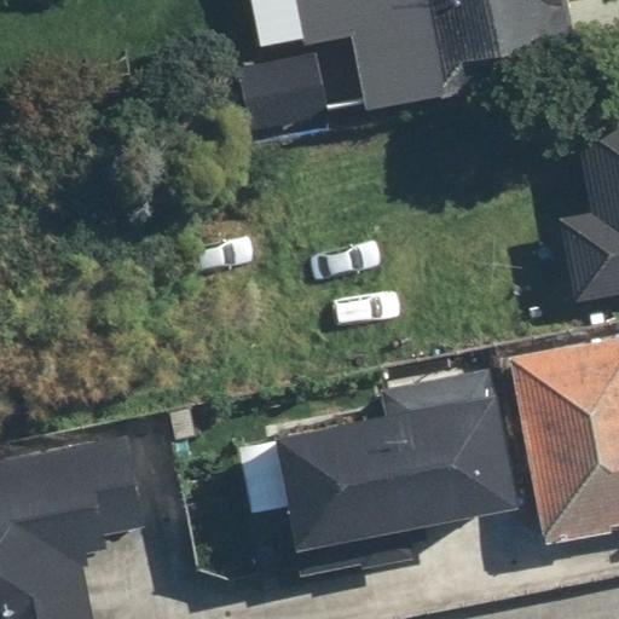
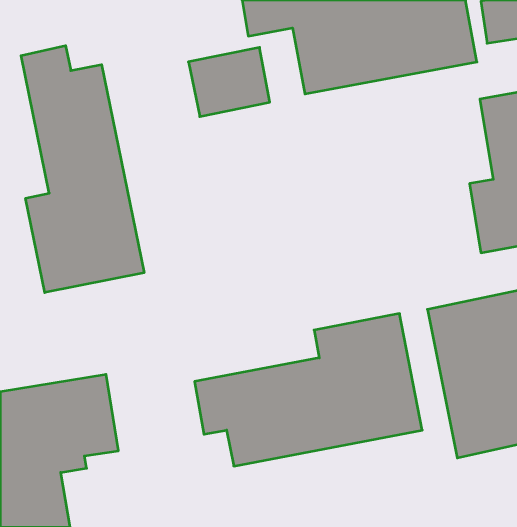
building: none -> [21,46,144,293]

